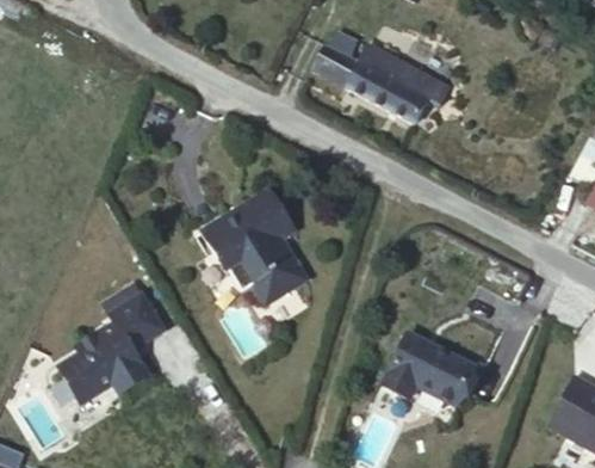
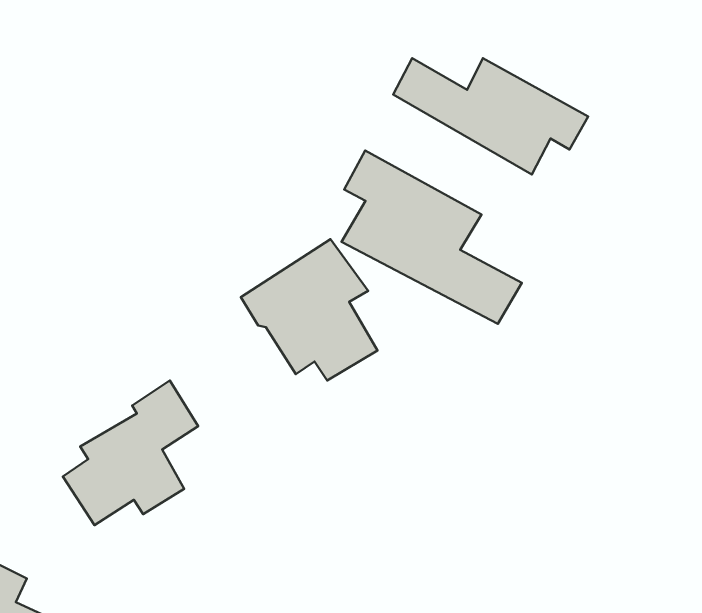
building: none -> [341,150,522,324]
building: [388,332,477,408] -> none

